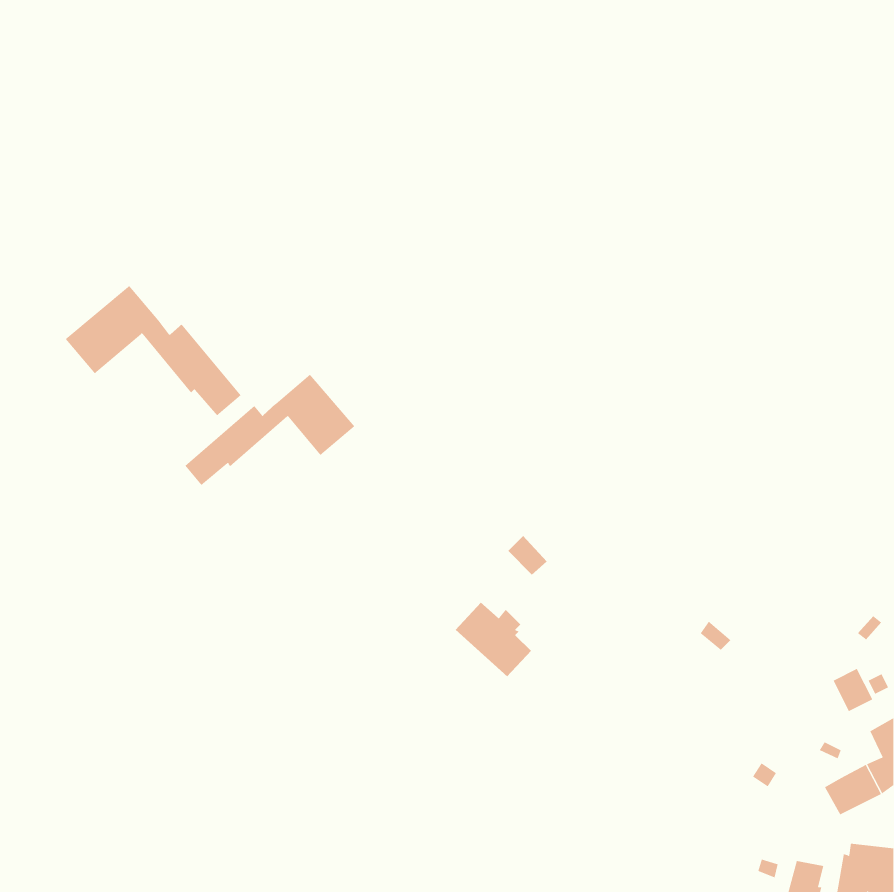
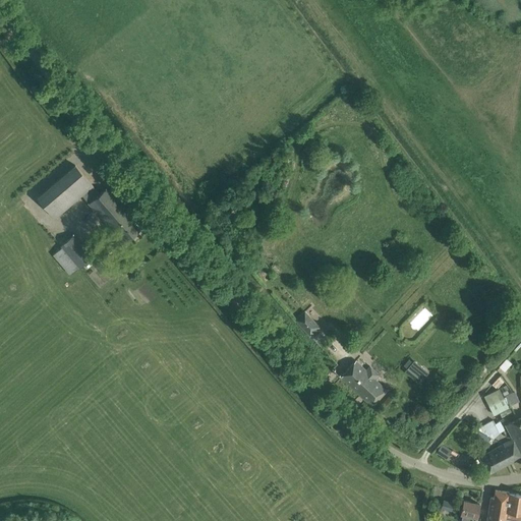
building: [184,374,355,486] -> none
building: none -> [53,236,92,275]
building: [455,602,532,677] -> [340,362,385,406]

